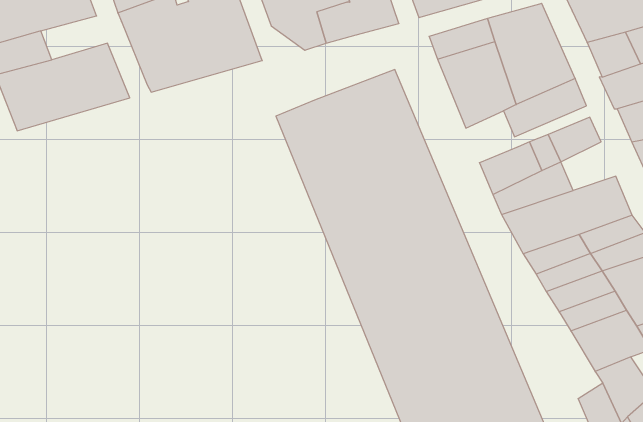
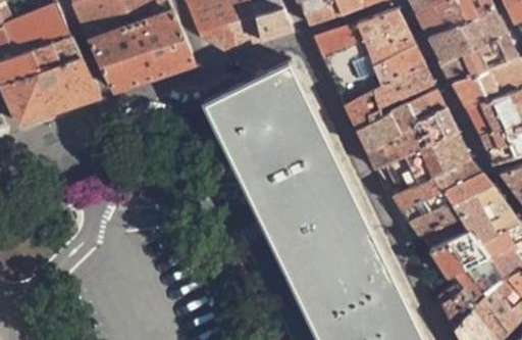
building: none -> [32,37,81,70]
building: none -> [345,89,383,128]
building: none -> [415,107,456,144]

